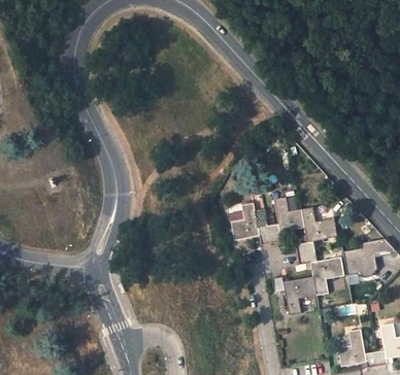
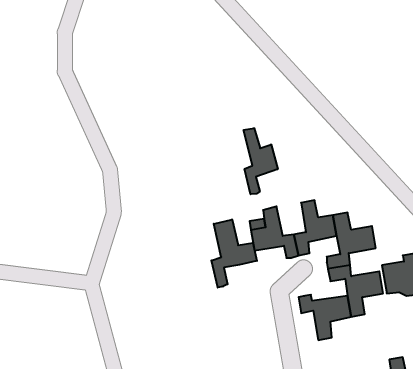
building: none -> [244,128,278,194]
building: none -> [211,219,257,288]

